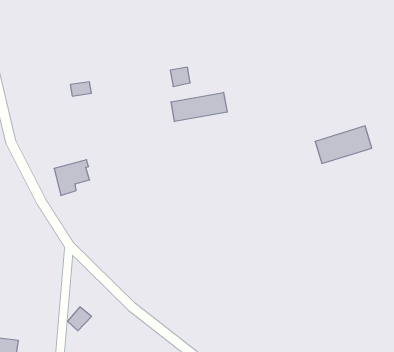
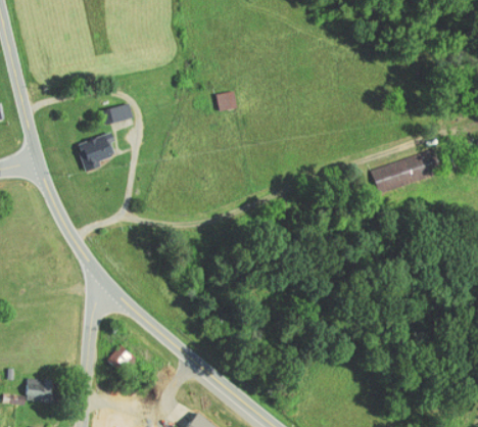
building: [171,92,227,122] -> none
building: [54,160,90,195] -> [77,134,114,172]

